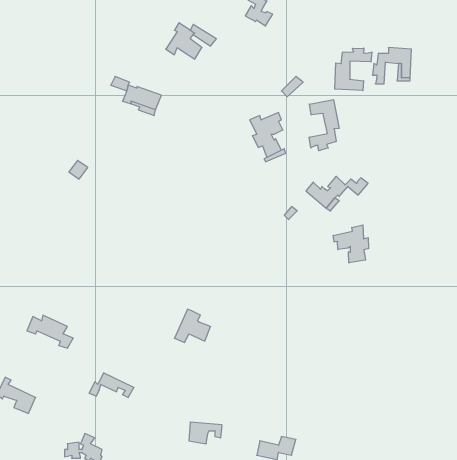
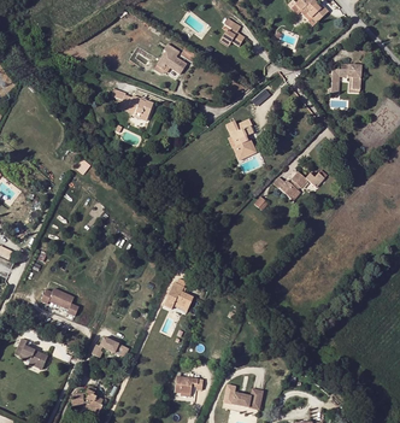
building: [335,48,372,91] -> none
building: [309,100,339,151] -> none
building: [333,225,368,263] -> none

